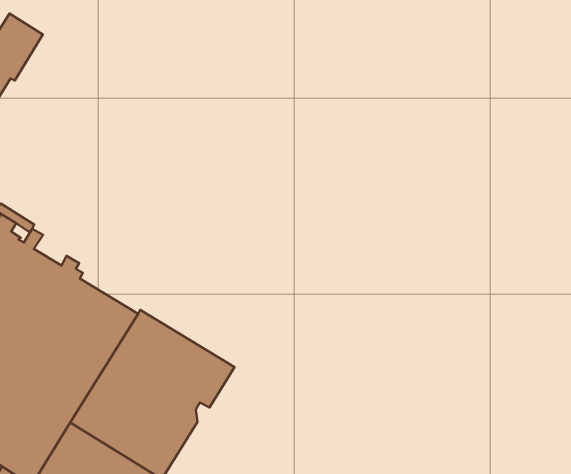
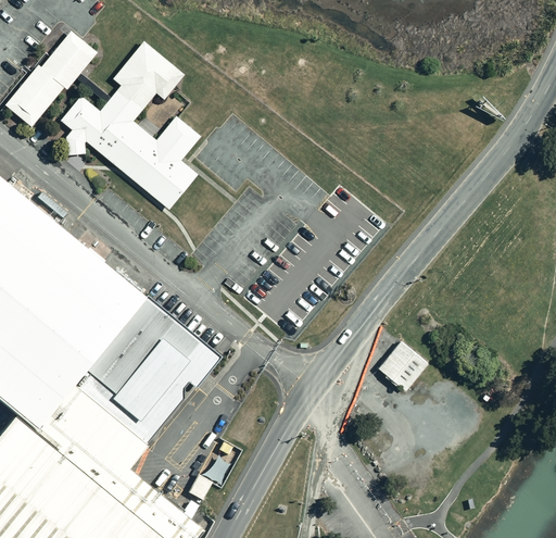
building: none -> [60,40,201,209]
building: none -> [378,341,428,391]

